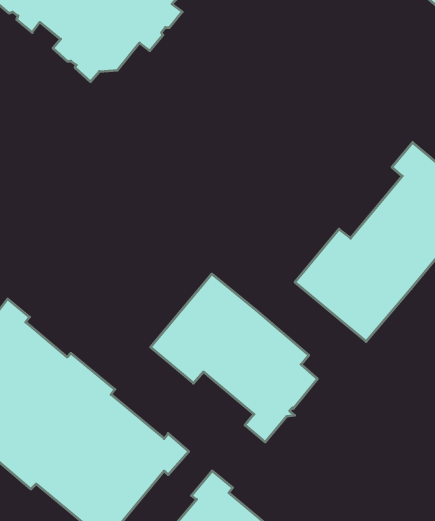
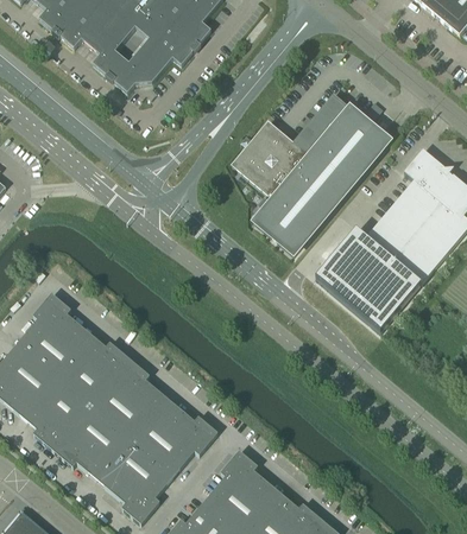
building: none -> [234,96,390,254]
building: [151,274,317,442] -> none

